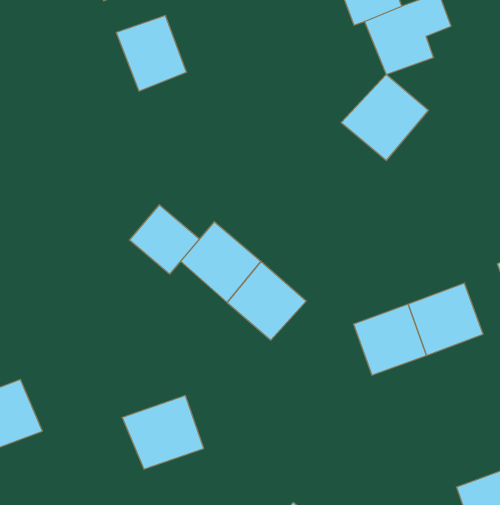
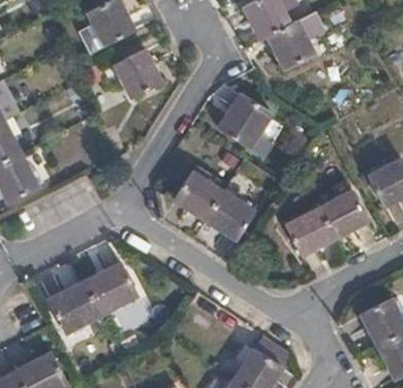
building: [341,75,428,160] -> [218,96,271,149]
building: [129,205,199,274] -> none
building: [122,396,204,469] -> [85,265,137,314]

